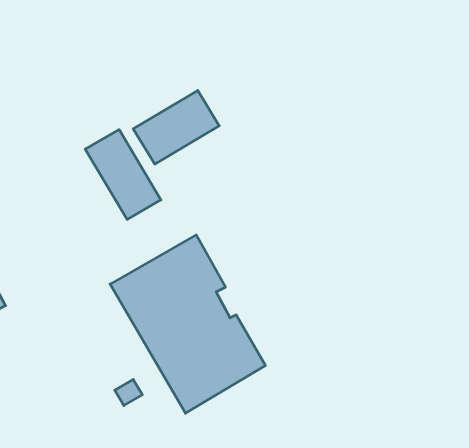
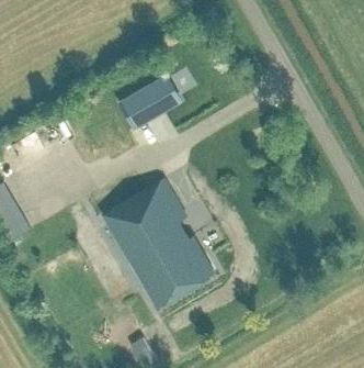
building: [85,130,161,219] -> none

